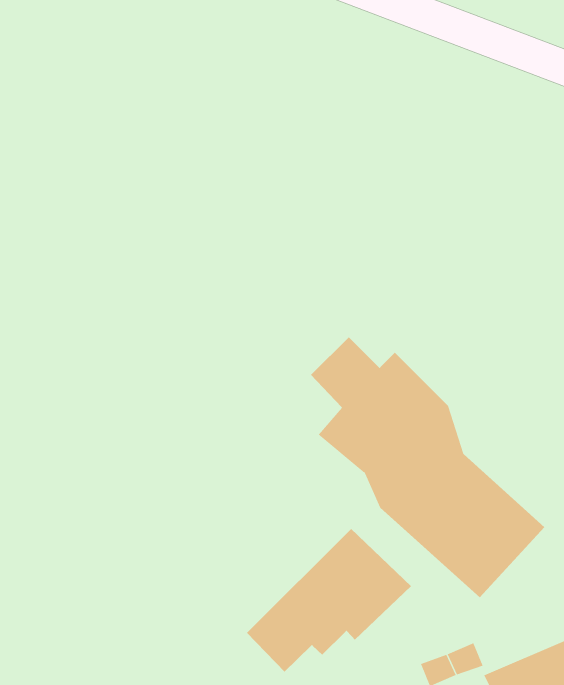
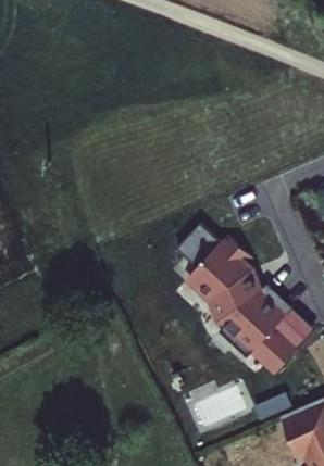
building: [246,528,412,672] -> none

